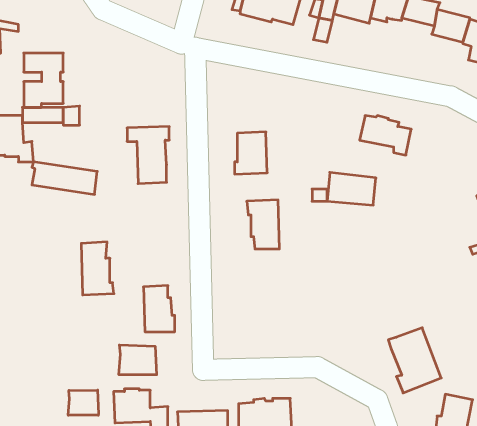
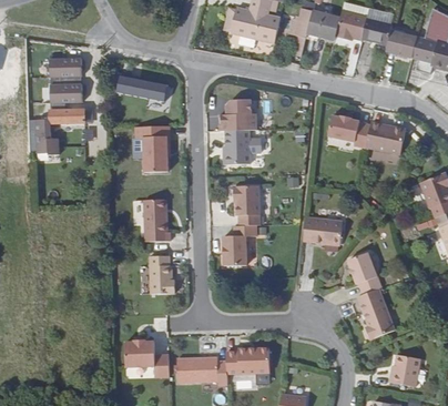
building: none -> [220,100,256,131]
building: none -> [364,122,403,155]
building: [32,162,97,194] -> [114,73,167,100]
building: [327,172,376,205] -> [302,220,342,246]
building: [81,242,114,295] -> [144,199,171,242]
building: none -> [224,225,257,265]
building: none -> [339,252,379,297]
building: [119,345,157,375] -> none
building: [68,390,99,415] -> none

